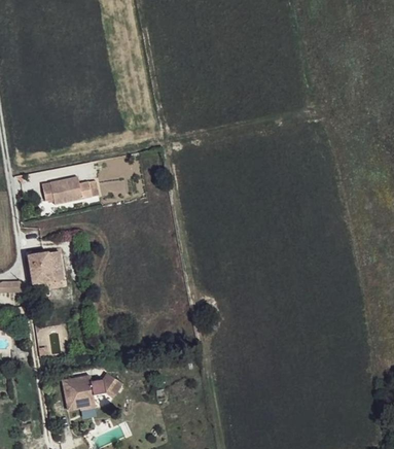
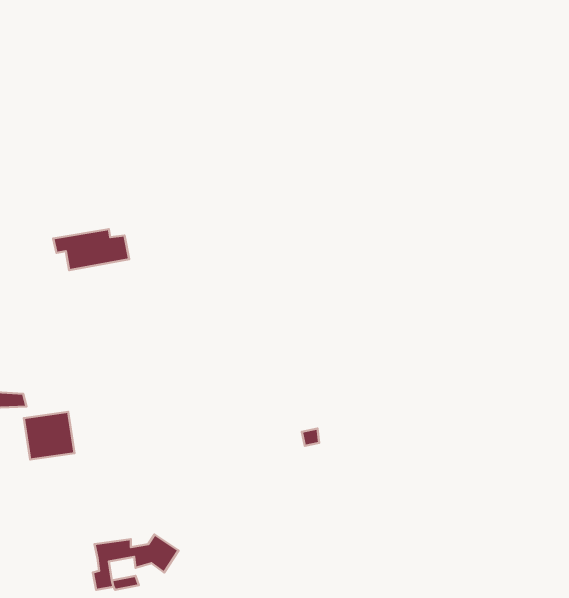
building: [30,252,63,283] -> [24,412,75,459]

